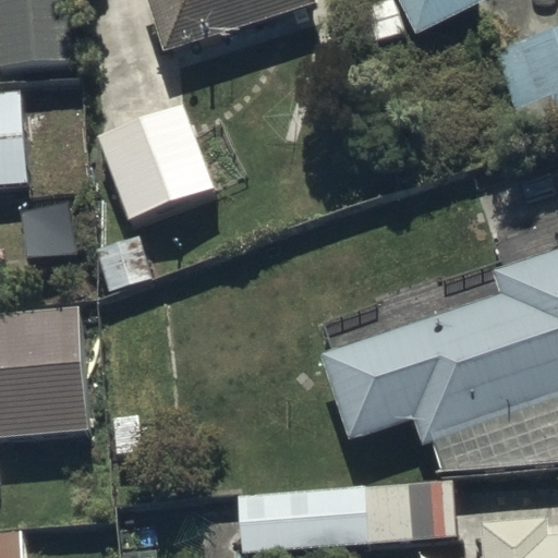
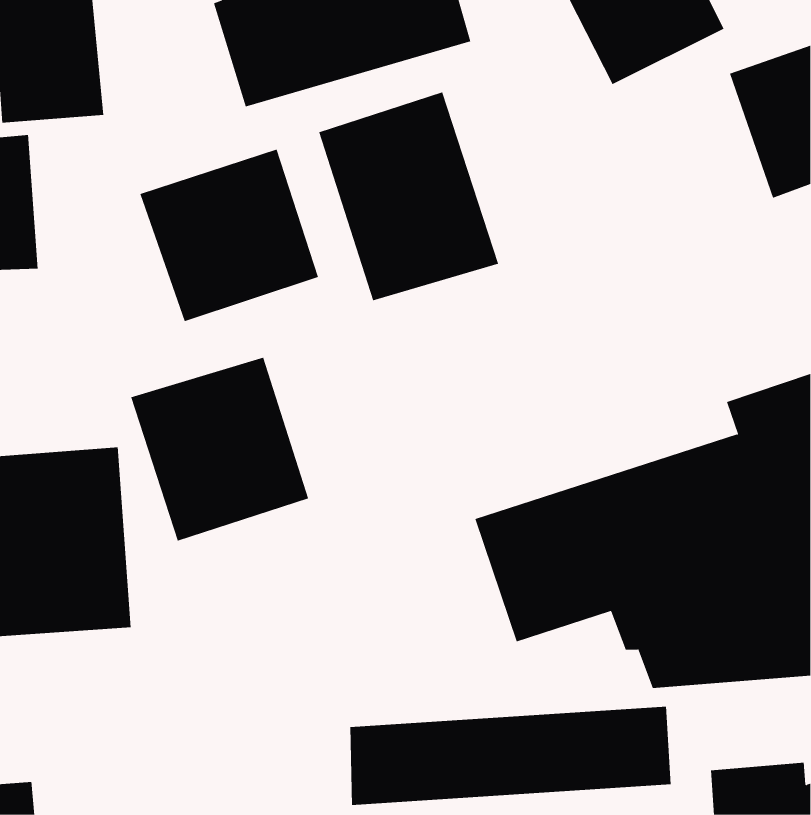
building: none -> [319,91,499,301]
building: none -> [130,357,309,542]

